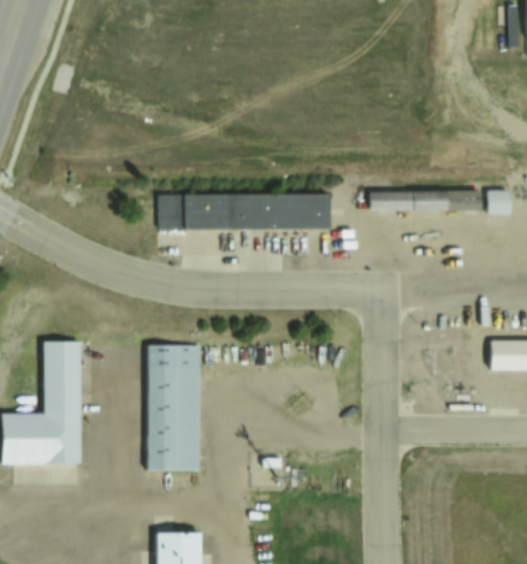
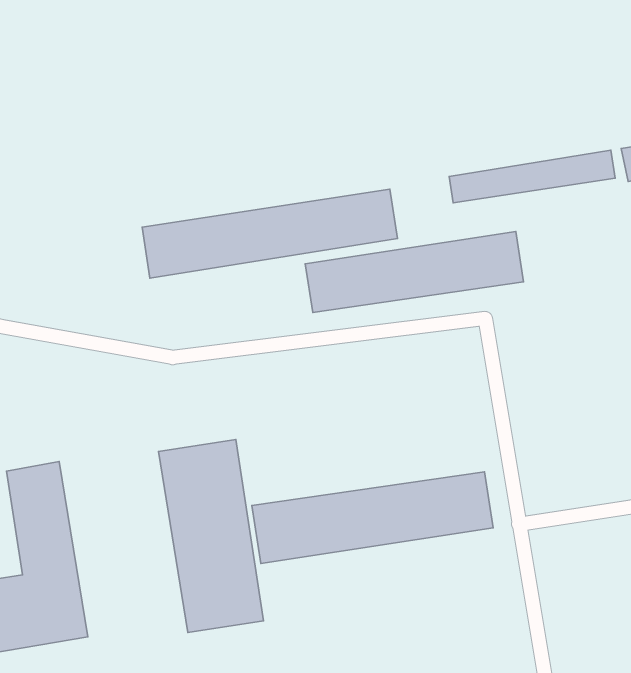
building: none -> [305,232,524,312]
building: none -> [252,472,493,563]

